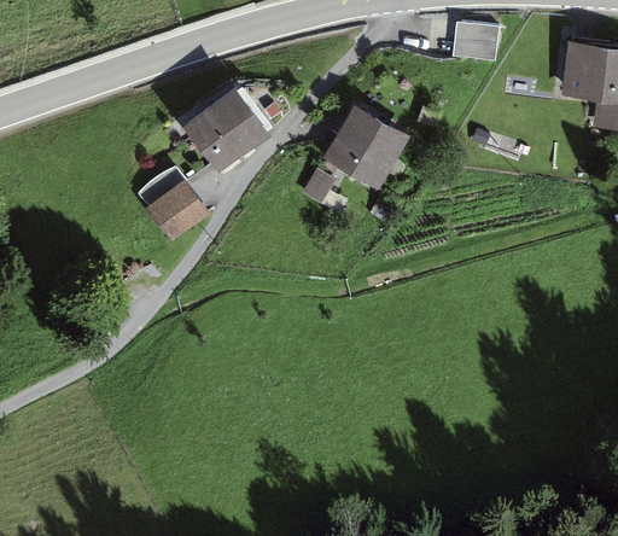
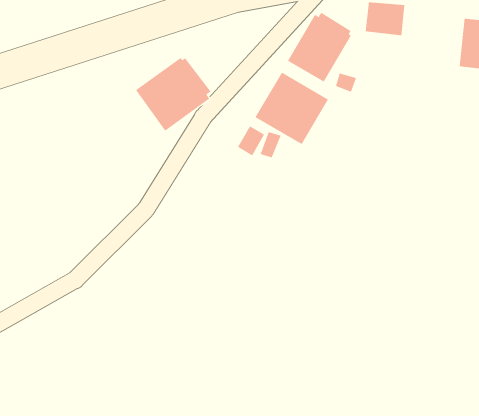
building: none -> [287,12,351,82]
building: [145,179,210,241] -> none

